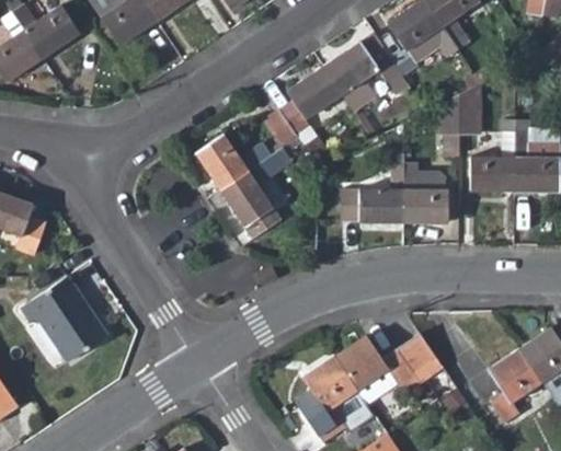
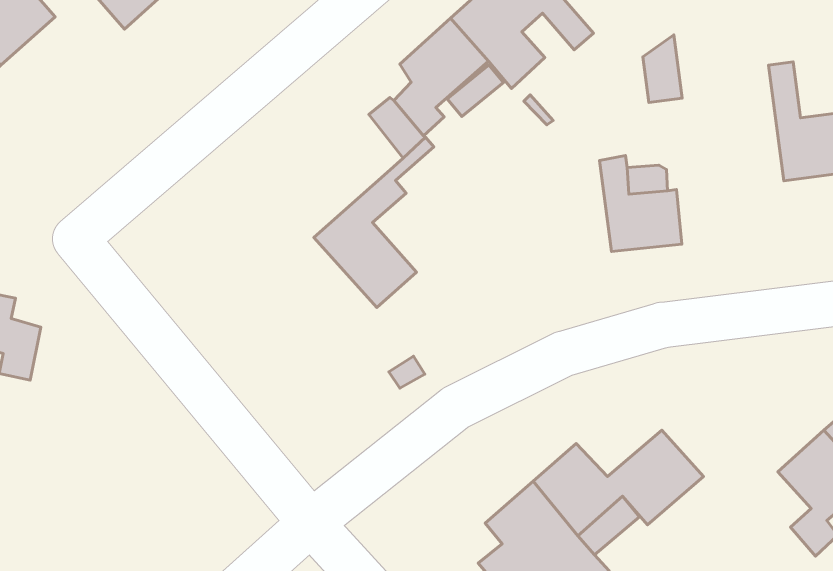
building: [459,81,483,132] -> none
building: [471,119,515,192] -> none
building: [196,134,272,188] -> none
building: [341,164,403,221] -> none
building: [21,275,107,362] -> none

